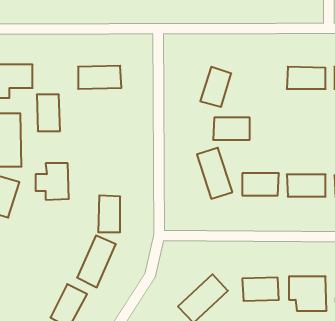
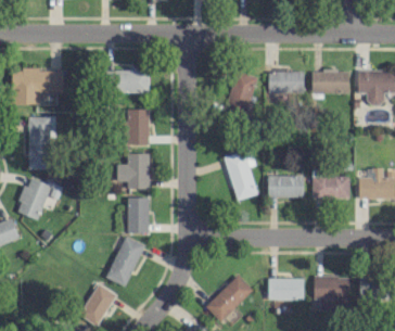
building: [37,95,60,131] -> [127,110,150,145]
building: [213,118,250,140] -> [268,72,304,93]
building: [36,163,69,200] -> [117,154,150,190]

